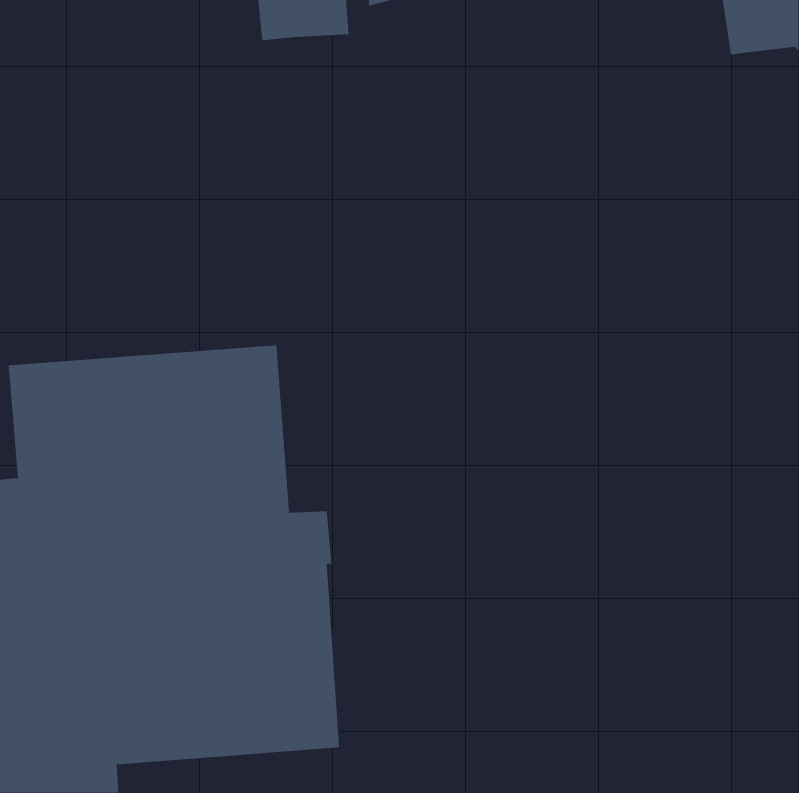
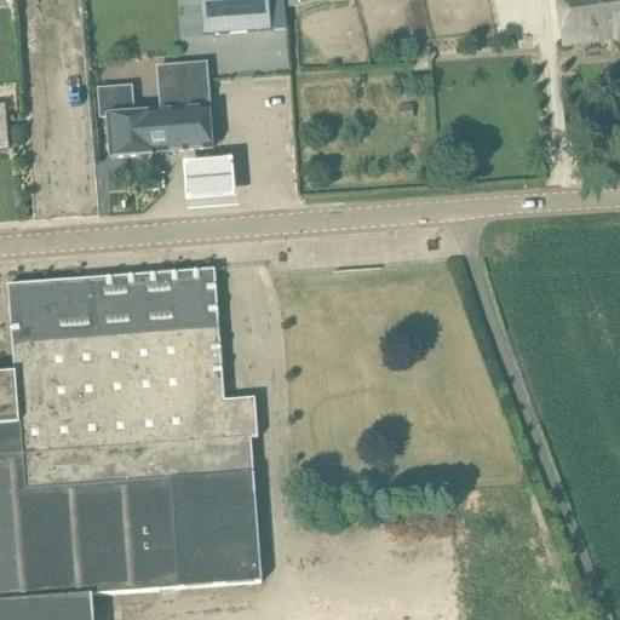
building: none -> [97,58,212,154]
building: none -> [189,154,235,189]

